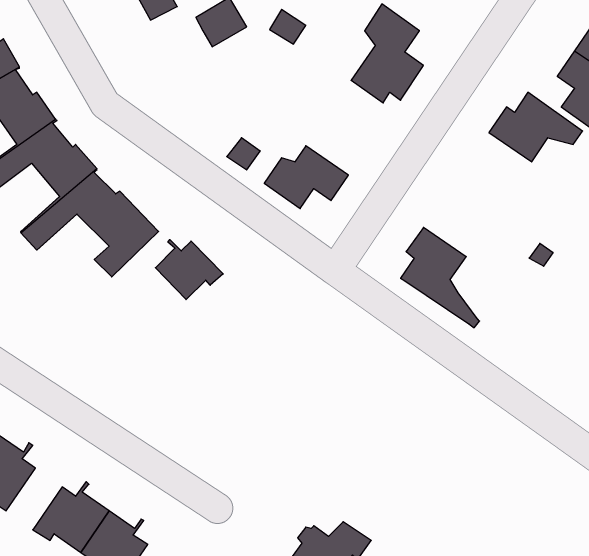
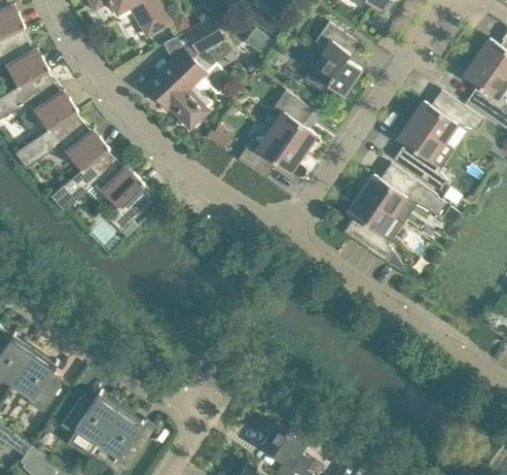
building: none -> [144,48,206,128]
building: none -> [269,91,316,154]
building: none -> [393,121,447,192]
building: none -> [360,163,445,216]
building: [155,240,223,300] -> none

